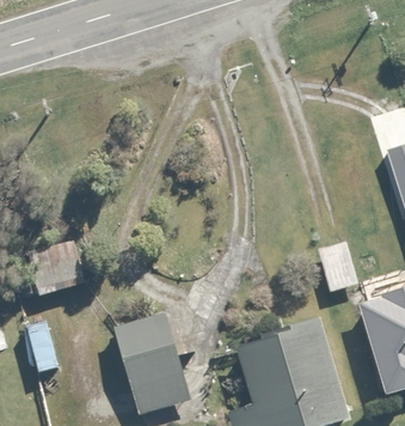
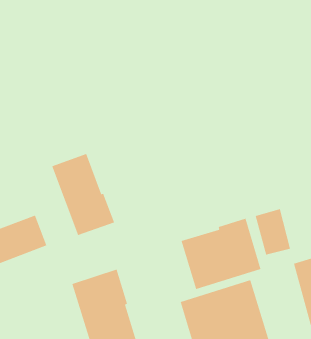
building: none -> [52,153,115,236]
building: none -> [181,218,261,290]

